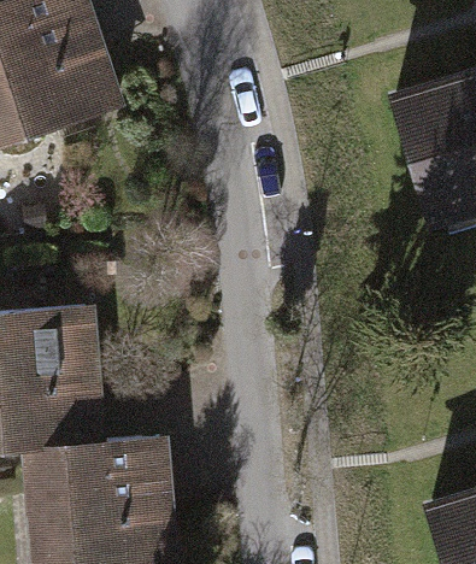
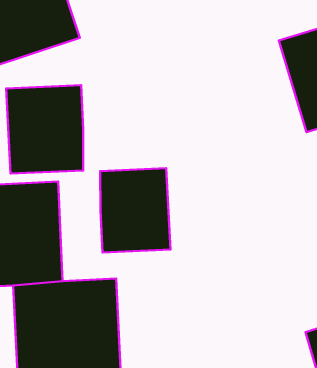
building: none -> [6,85,83,174]
building: none -> [100,168,170,252]

